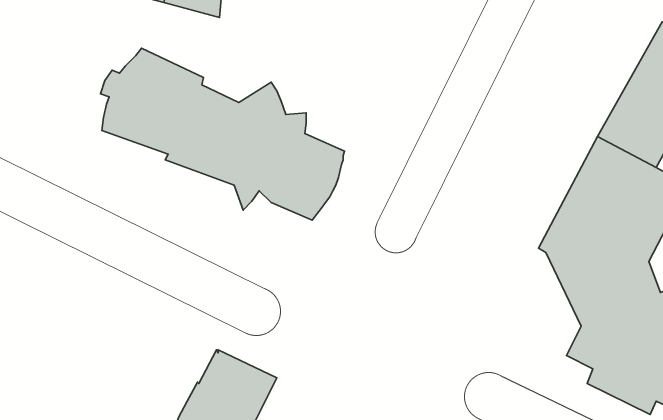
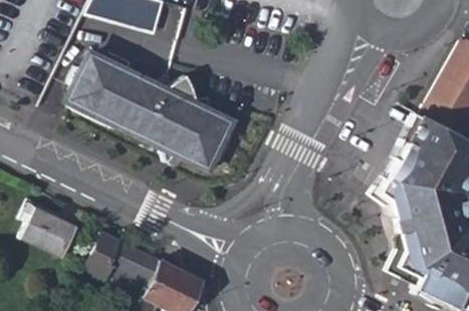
building: none -> [20,205,76,258]
building: none -> [84,232,161,296]

